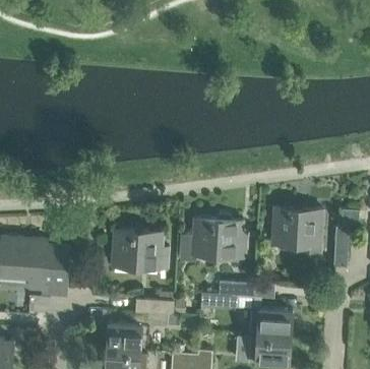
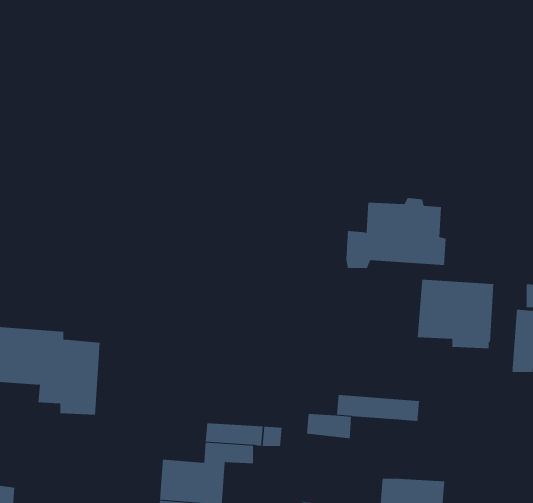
building: [179,216,244,261] -> [345,197,447,269]
building: [112,229,172,269] -> none
building: [249,308,291,336] -> none

